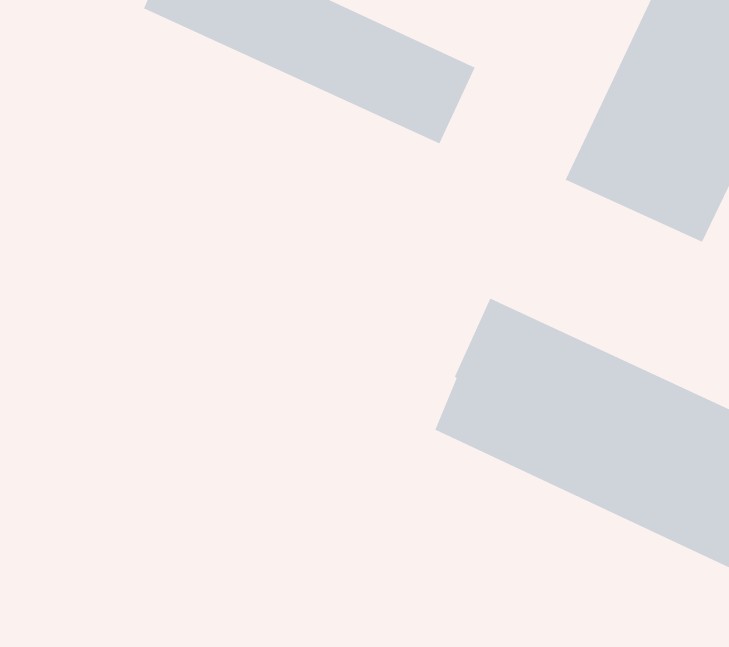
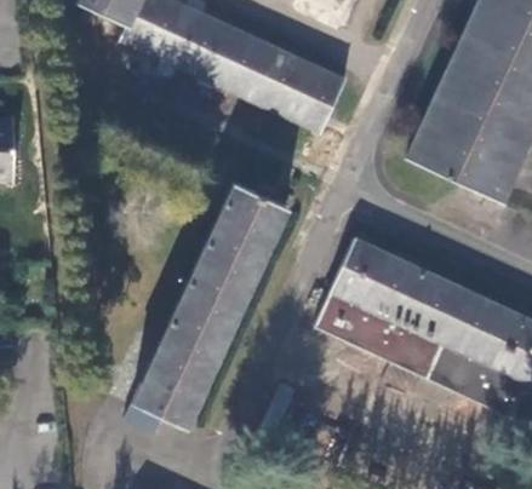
building: none -> [132,183,288,428]

